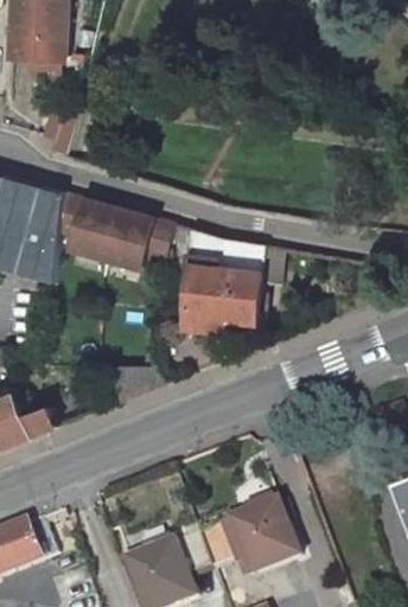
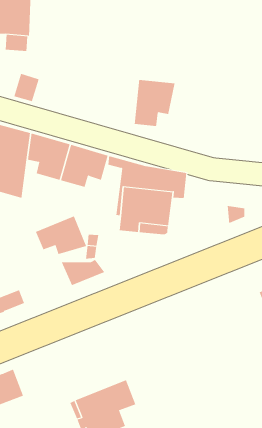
building: none -> [134,79,175,127]
building: none -> [35,215,87,255]
building: [193,499,295,574] -> none

